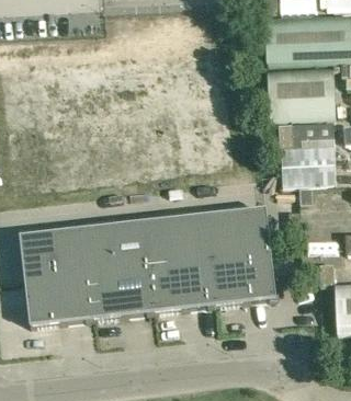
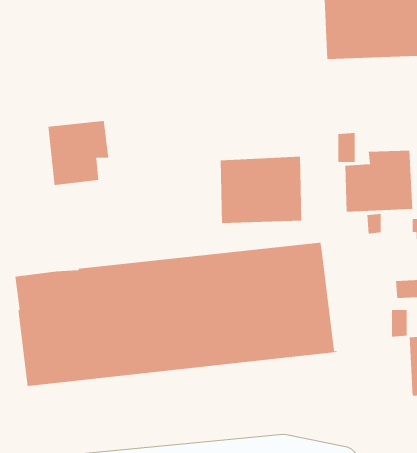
building: [269,65,335,118] -> [220,156,302,224]
building: none -> [48,120,109,186]

